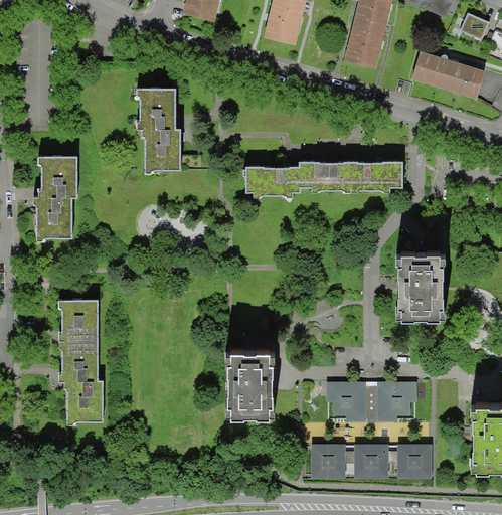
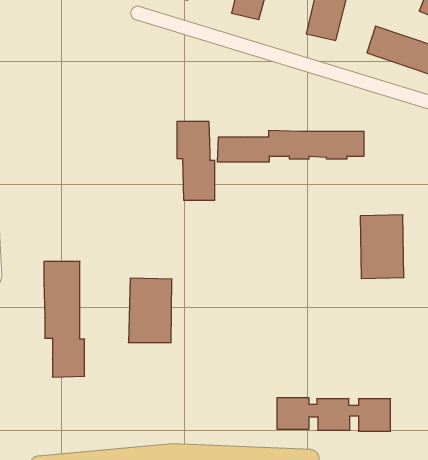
building: [141,88,181,171] -> [177,122,215,200]
building: [35,155,79,240] -> none
building: [229,347,276,415] -> [128,278,172,343]
building: [325,381,416,423] -> none

